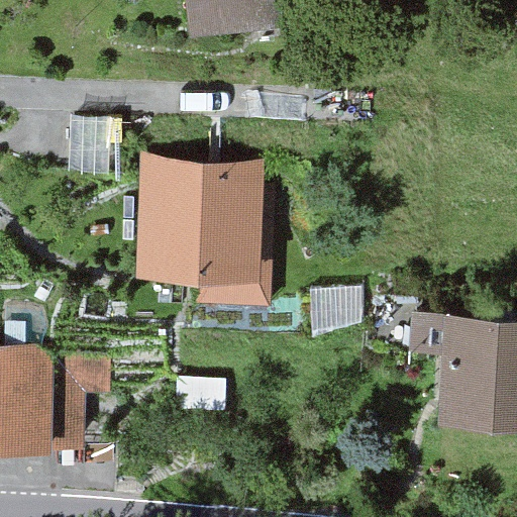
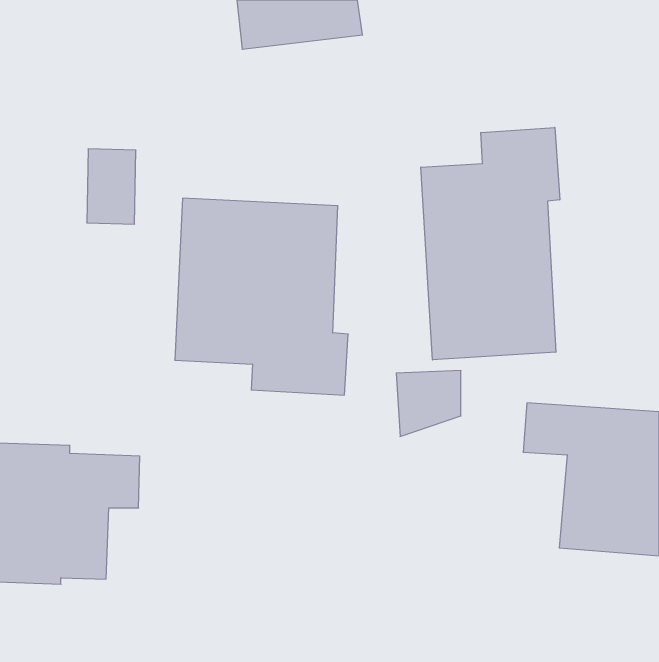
building: none -> [421,127,560,360]

